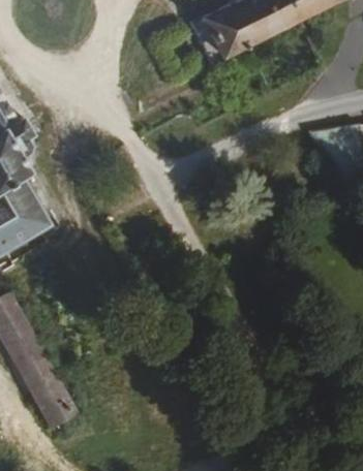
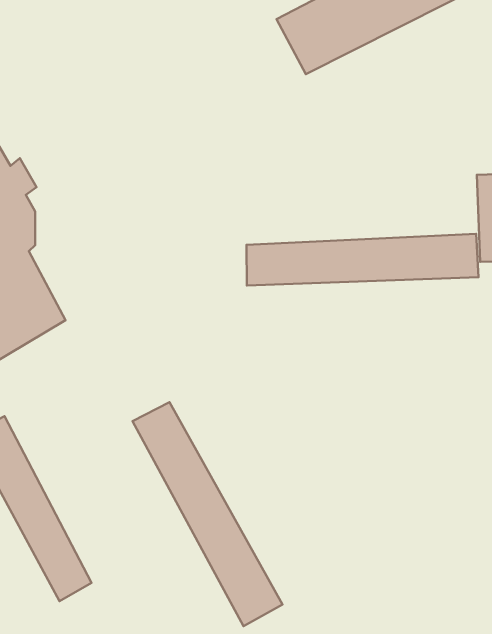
building: none -> [246,234,479,285]
building: none -> [132,402,282,626]

